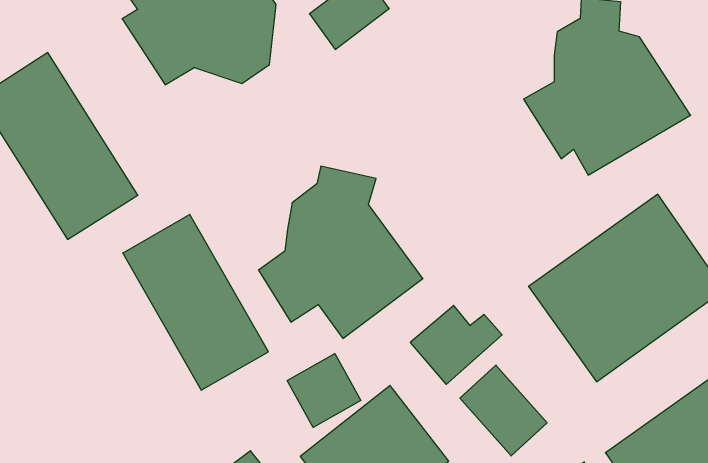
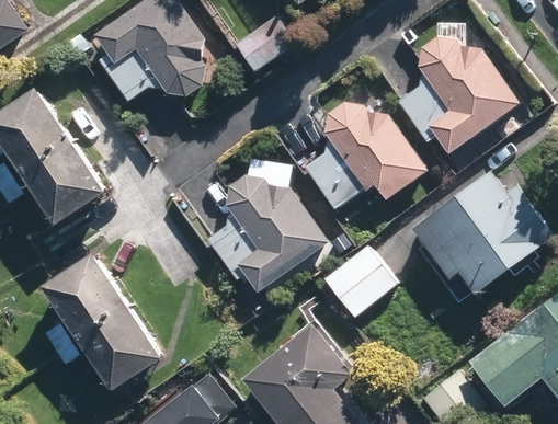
building: none -> [300,103,425,216]
building: [123,214,268,390] -> [47,253,160,383]
building: [287,354,361,427] -> none
building: [460,365,547,456] -> none

